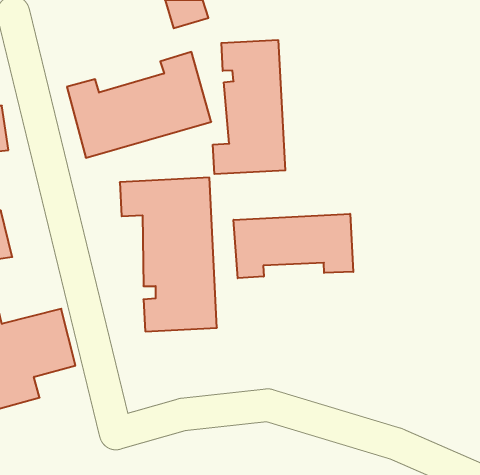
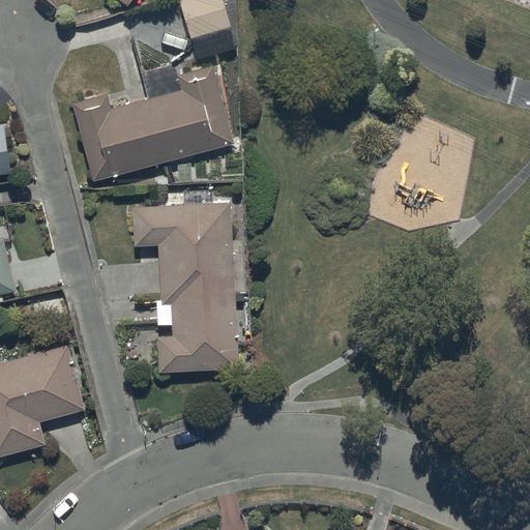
building: [213,40,285,174] -> none
building: [234,214,353,278] -> none

